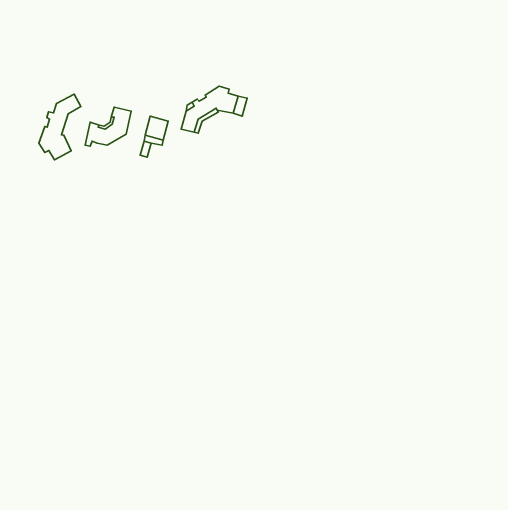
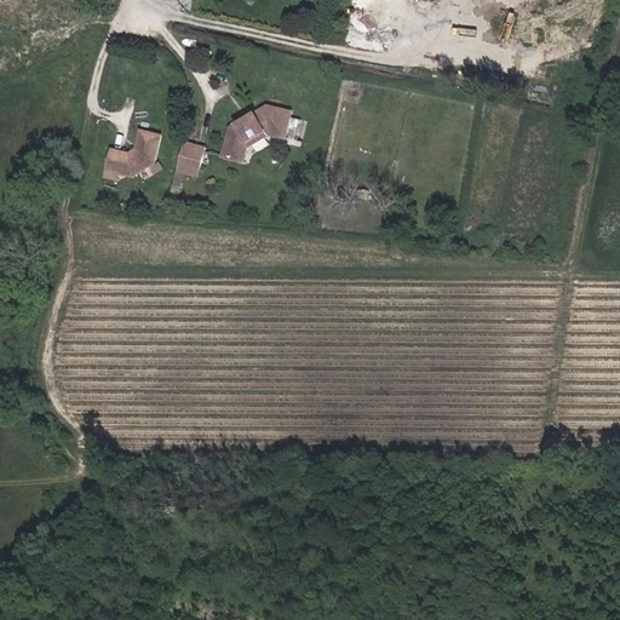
building: [39,94,81,160] -> none

